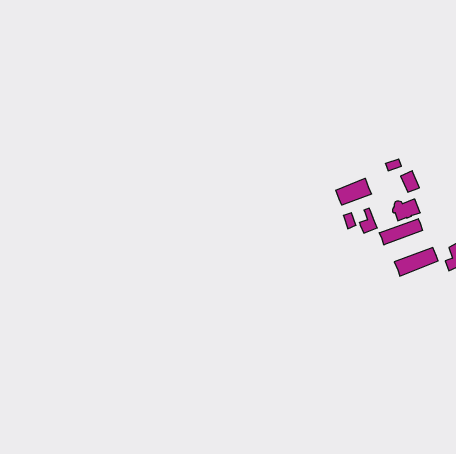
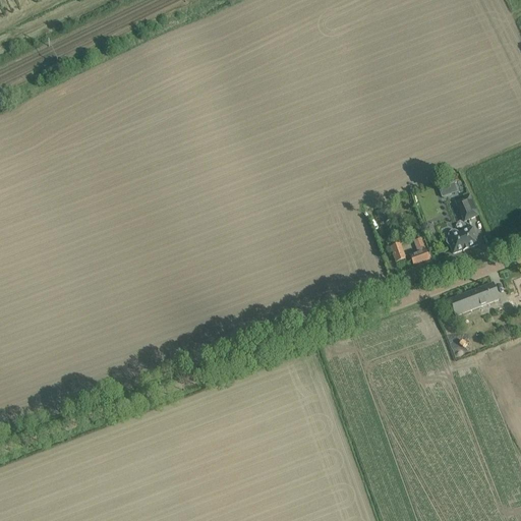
building: [336,178,372,205] -> none
building: [379,219,422,245] -> none

